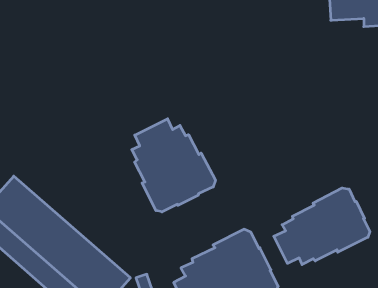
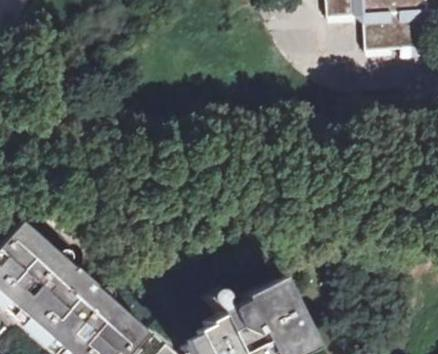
building: [132,119,215,212] -> none
building: [274,188,370,265] -> none

